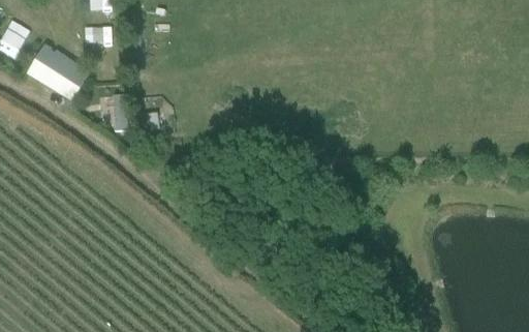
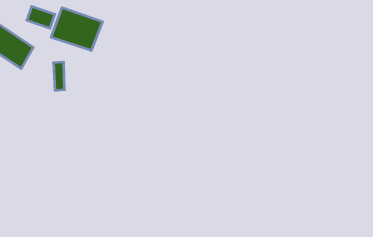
building: none -> [51,8,102,51]

